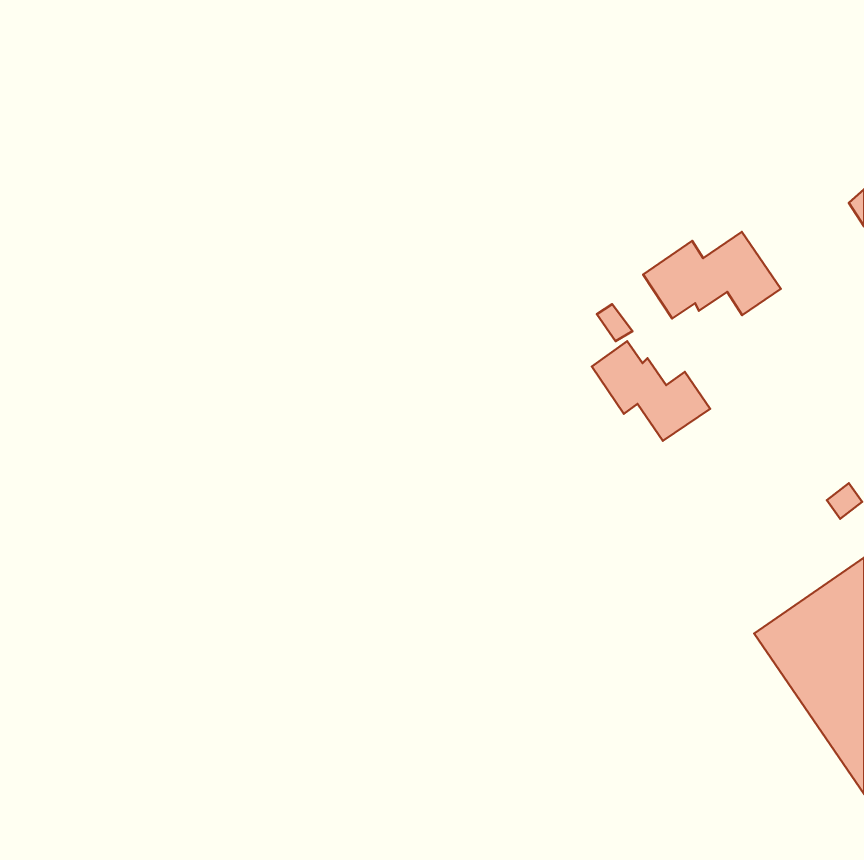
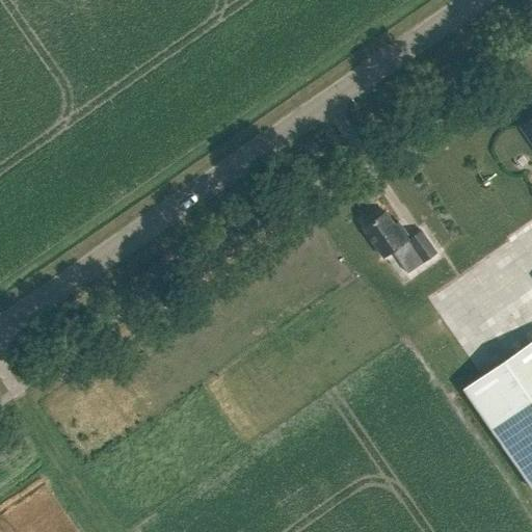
building: [643,232,781,319] -> none

